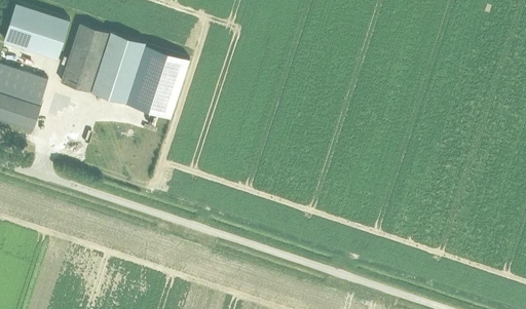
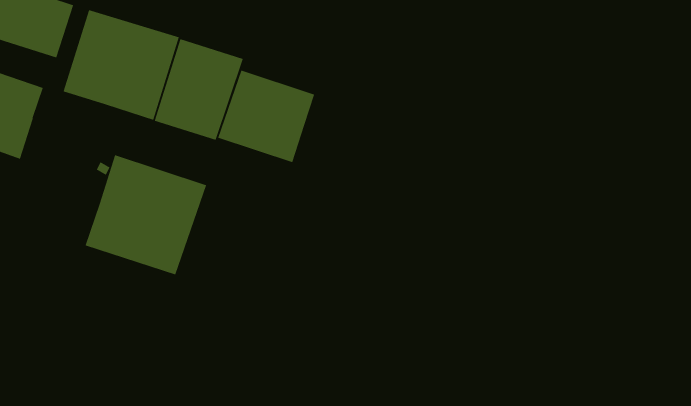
building: none -> [217,70,315,163]
building: none -> [85,154,207,276]

